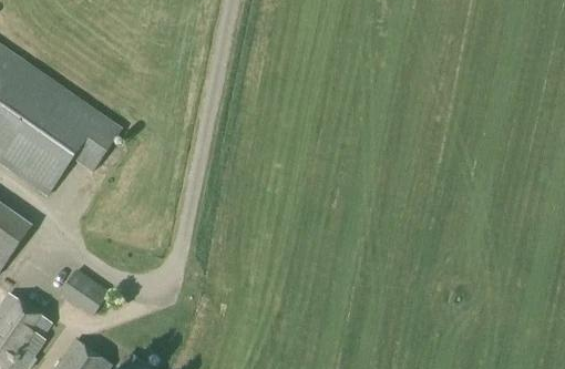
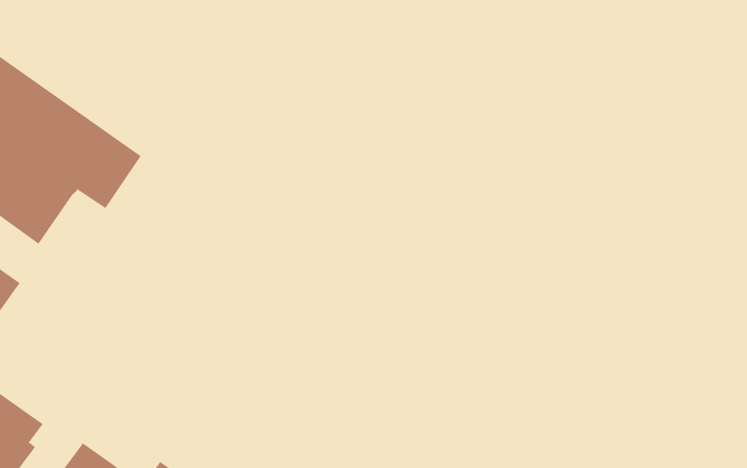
building: [58,269,106,316] -> none

